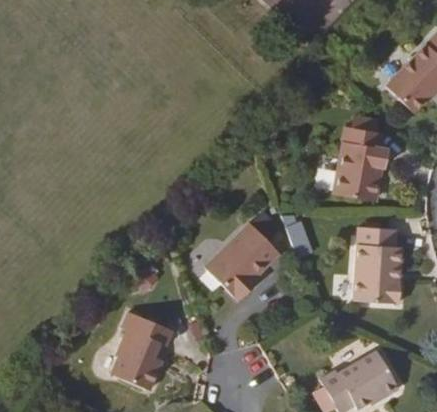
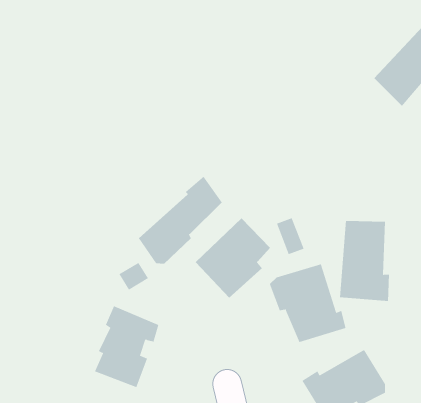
building: [333,124,387,202] -> none
building: none -> [138,176,223,265]
building: none -> [269,263,346,343]

